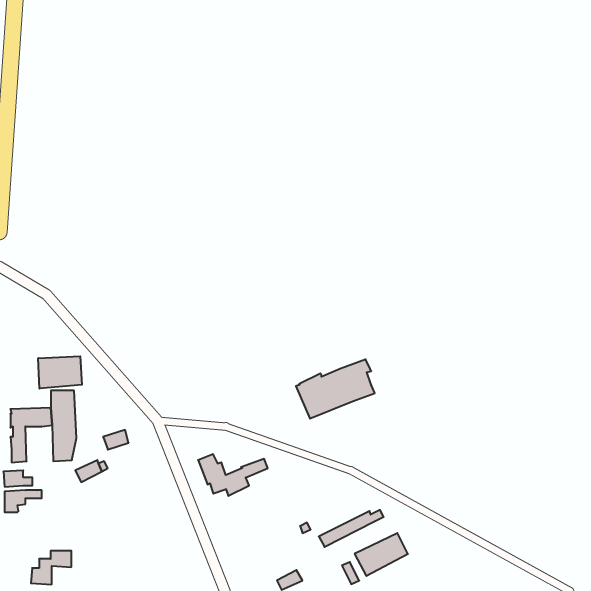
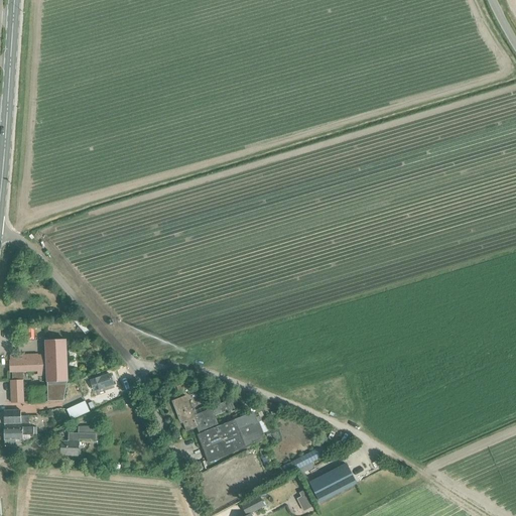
building: [38,356,82,389] -> none
building: [296,359,375,419] -> [196,410,264,462]
building: [31,551,71,584] -> [59,425,95,455]

